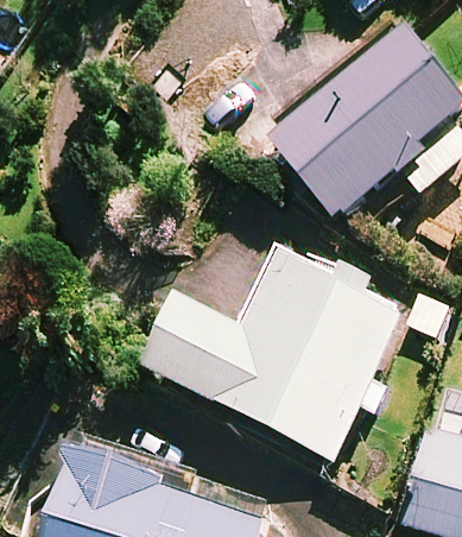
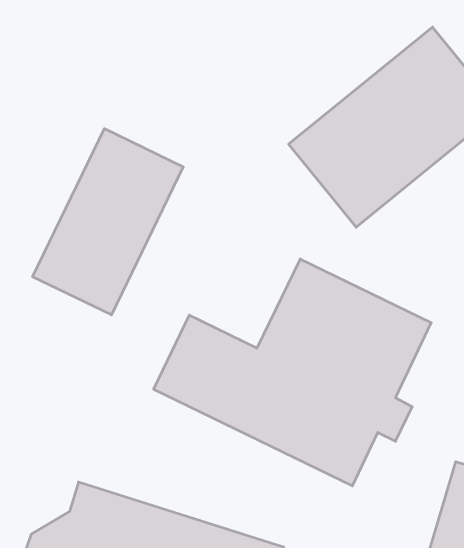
building: none -> [33,129,183,315]

